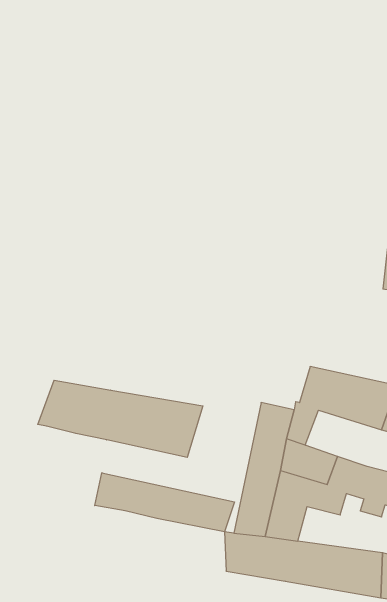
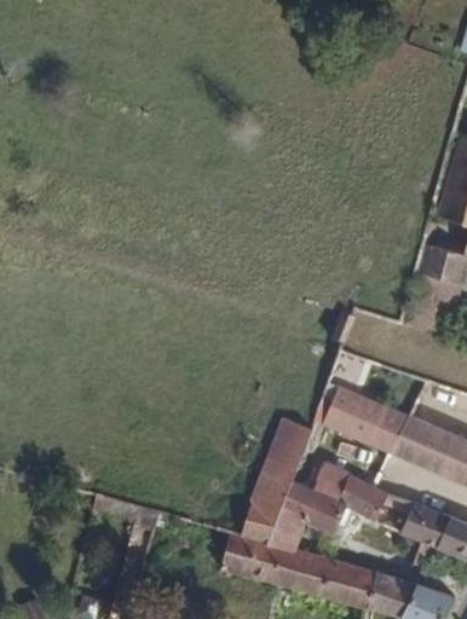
building: [38,380,203,457] -> none
building: [95,473,234,532] -> none

